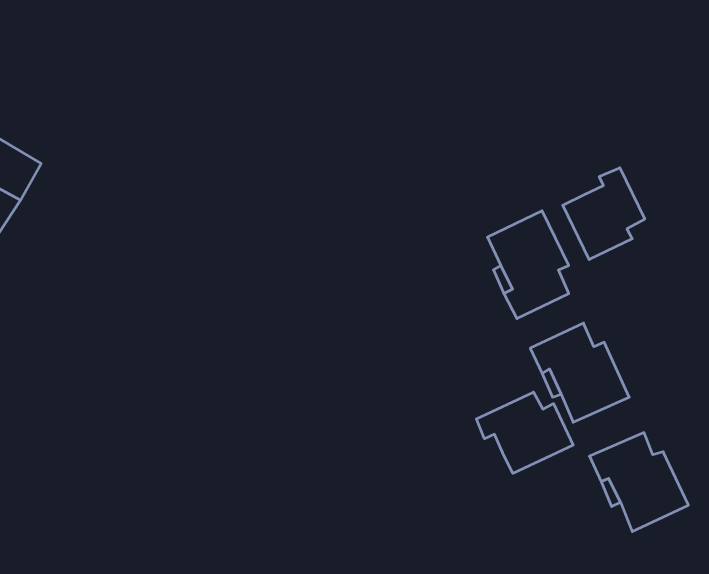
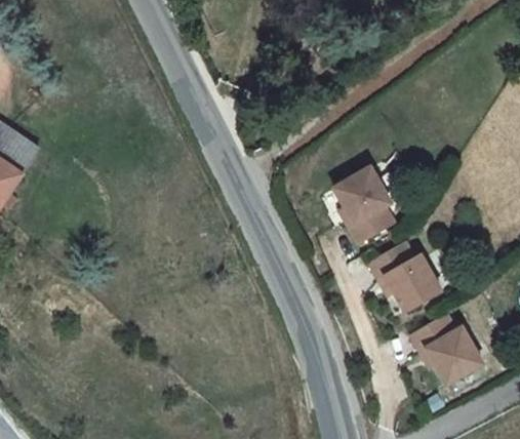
building: [563,168,645,260] -> none
building: [476,392,573,473] -> none

